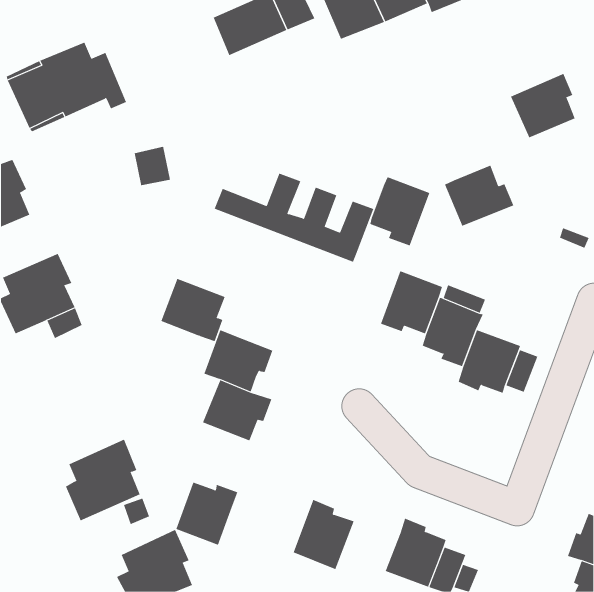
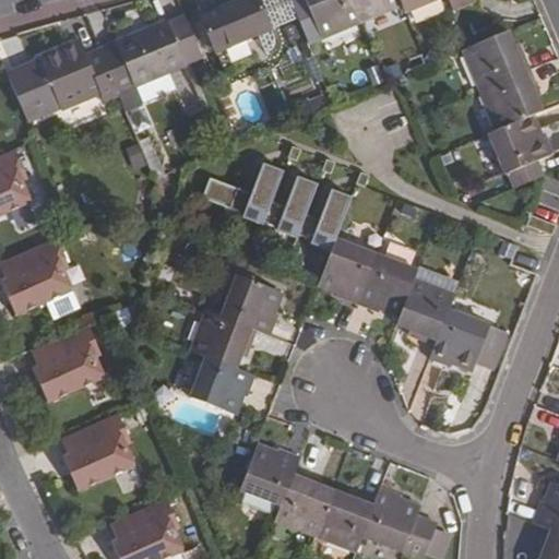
building: none -> [99,13,202,110]
building: none -> [463,31,530,91]
building: [444,165,514,226] -> [488,116,554,174]
building: [370,177,430,246] -> [319,239,376,305]
building: [161,278,226,342] -> [221,275,282,335]
building: none -> [32,325,103,403]
building: [176,482,238,546] -> [240,445,299,506]
building: none -> [316,490,376,551]

